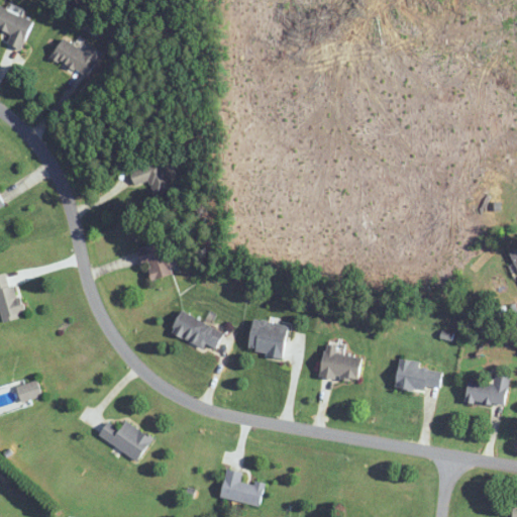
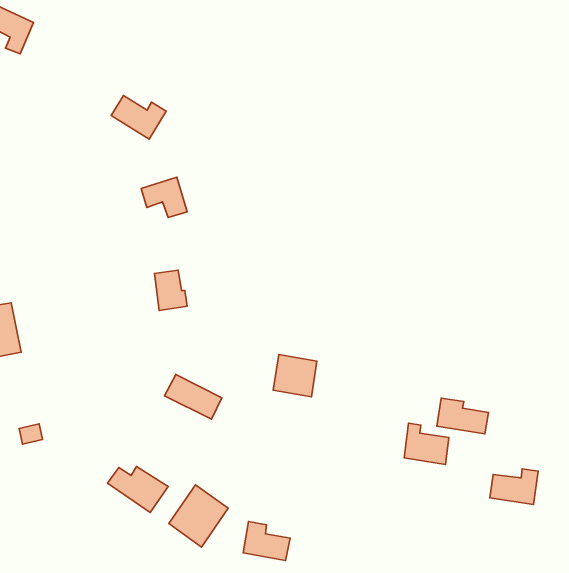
building: [49,38,99,78] -> [111,95,166,139]
building: [170,311,221,351] -> [165,374,222,419]
building: [319,344,359,382] -> [404,423,449,465]
building: [463,375,507,407] -> [490,469,538,505]
building: none -> [169,485,228,547]

